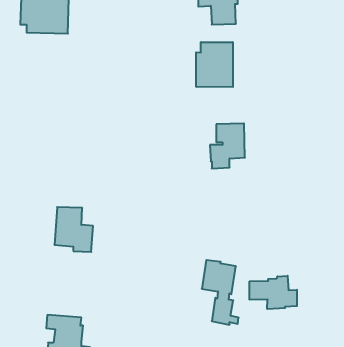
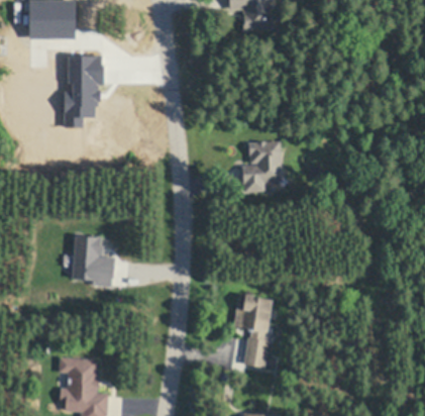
building: [196,42,233,87] -> none
building: none -> [67,55,109,127]
building: [250,276,297,309] -> none

